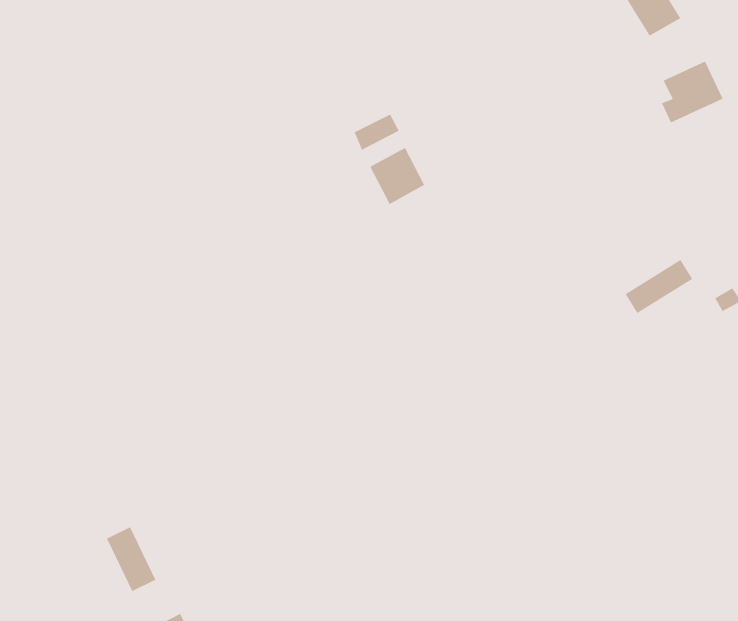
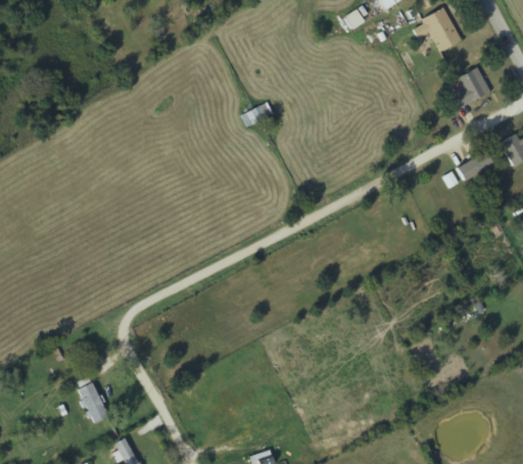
building: [370,147,425,205] -> none
building: [625,259,693,314] -> [446,150,492,187]

